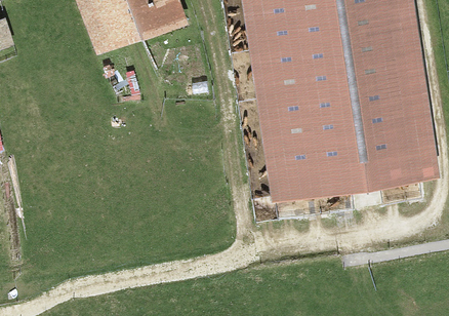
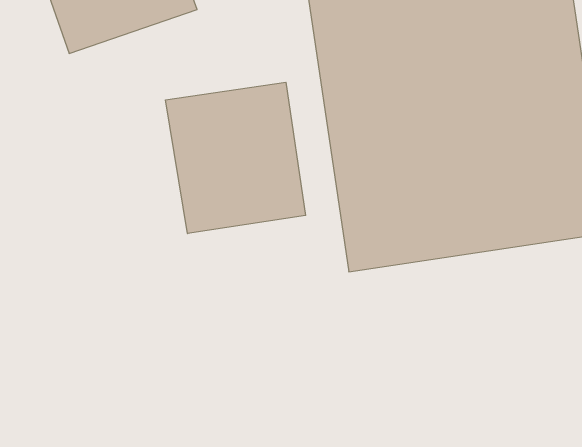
building: none -> [166,82,306,234]

